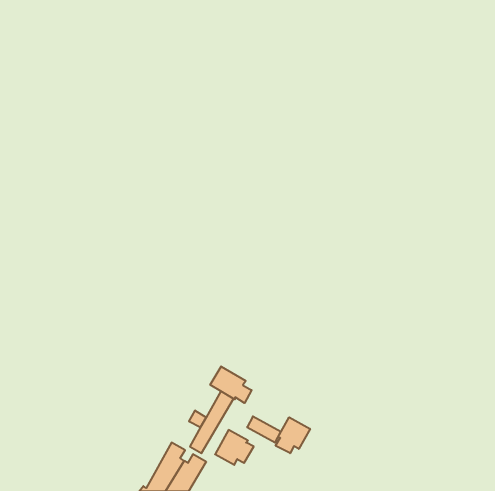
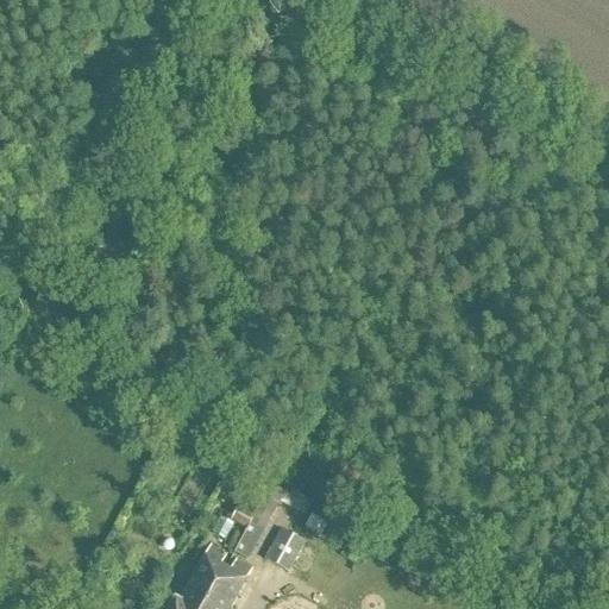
building: [210,366,252,403] -> none
building: [276,417,310,453] -> none

